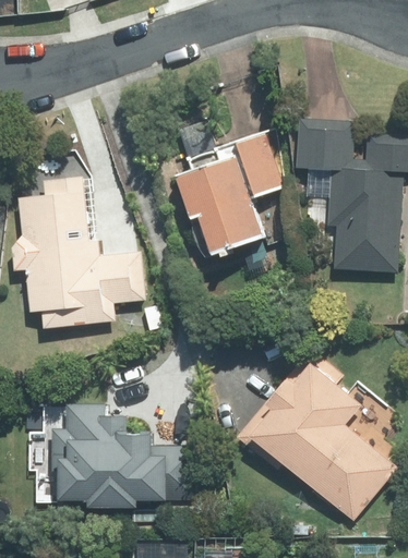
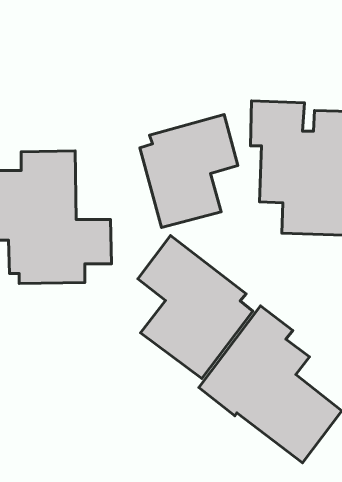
building: none -> [138,236,253,379]
building: [25,402,200,512] -> none

